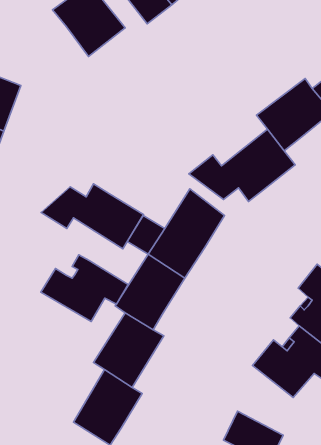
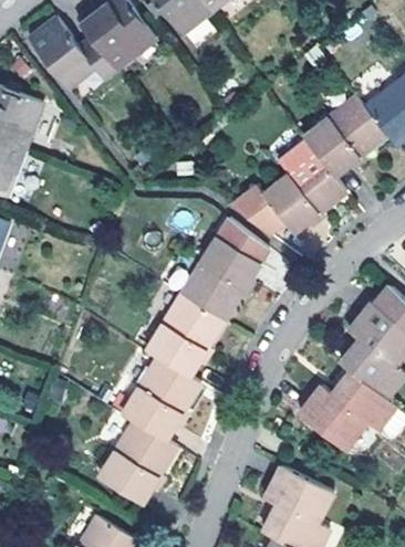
building: none -> [29,18,116,88]
building: [41,184,144,249] -> none
building: [41,255,128,321] -> none

